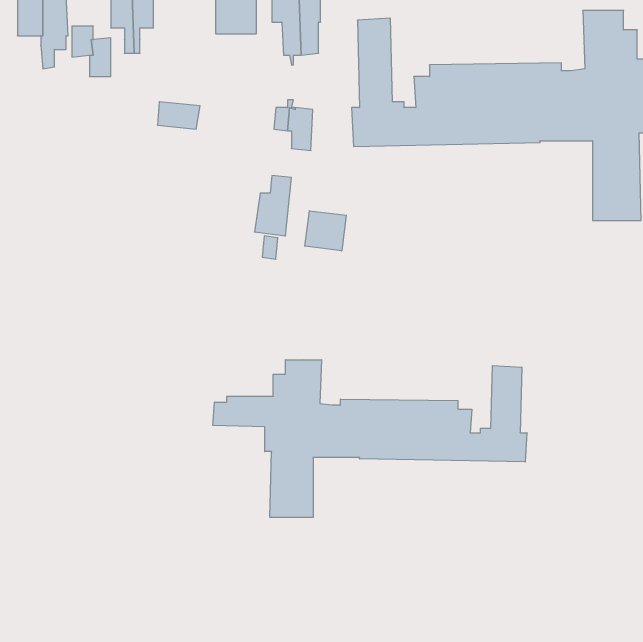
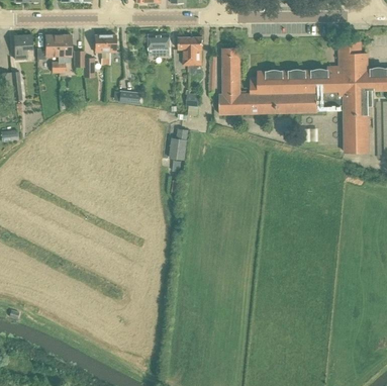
building: [305,211,346,251] -> none
building: [213,360,527,517] -> none

